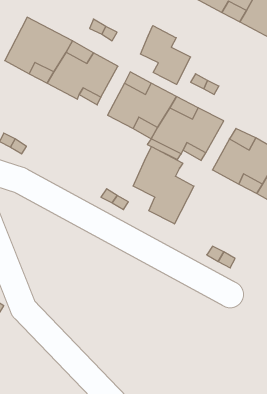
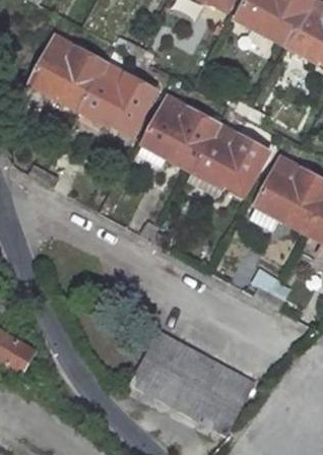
building: [141,26,191,84] -> none
building: [133,147,194,224] -> none
building: none -> [128,331,251,434]

